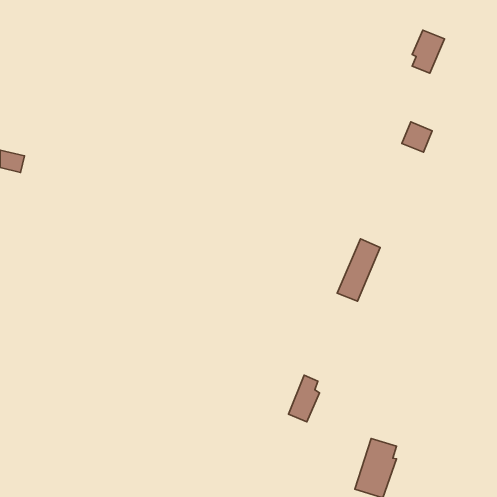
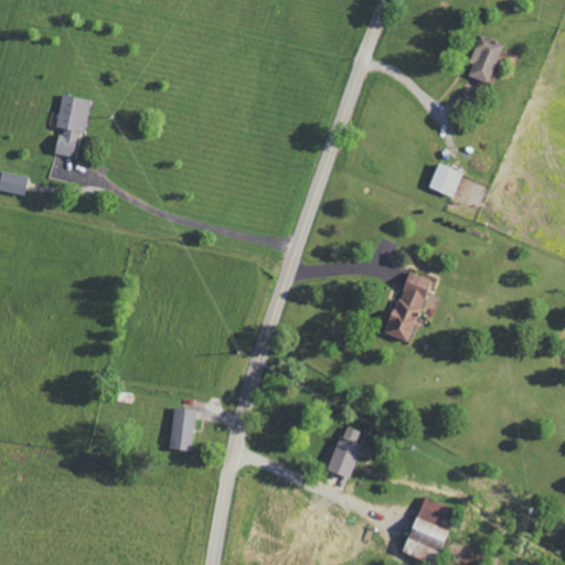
building: none -> [55,95,89,159]
building: [402,122,432,152] -> [428,163,462,198]
building: none -> [169,408,195,451]

